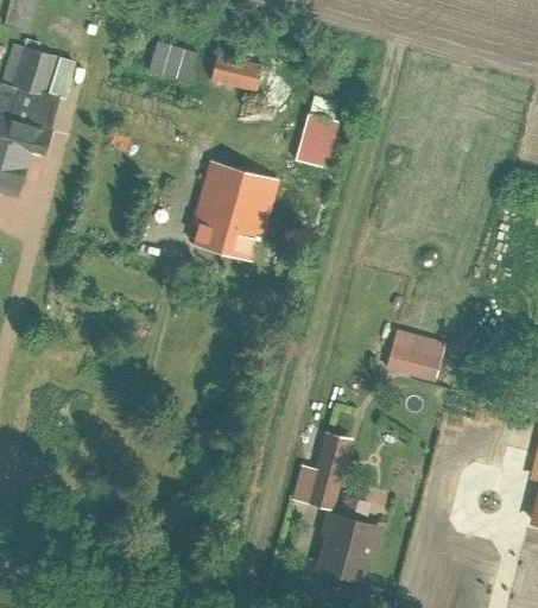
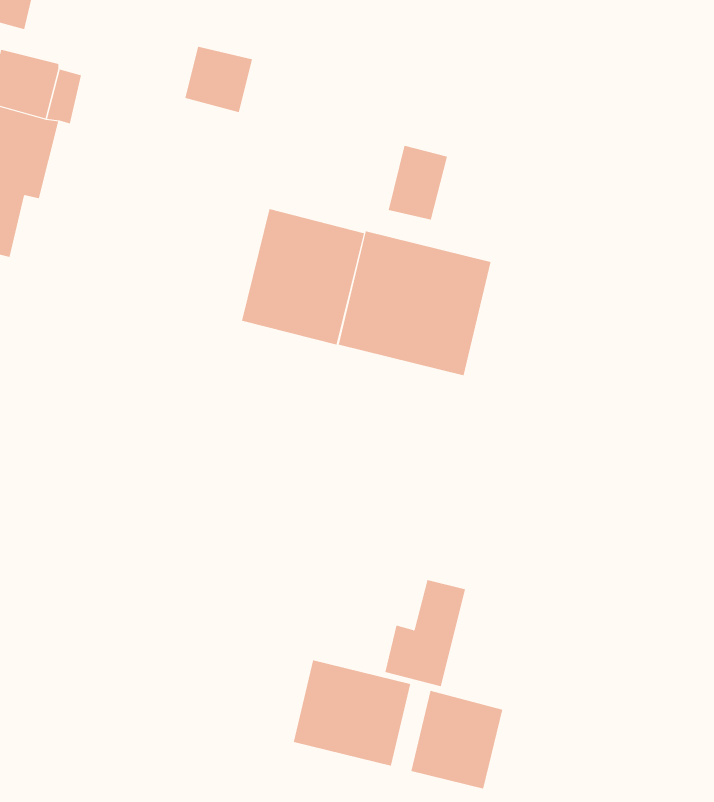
building: [209,53,262,93] -> none
building: none -> [338,230,491,376]
building: [386,330,445,382] -> none
building: none -> [293,660,411,766]

